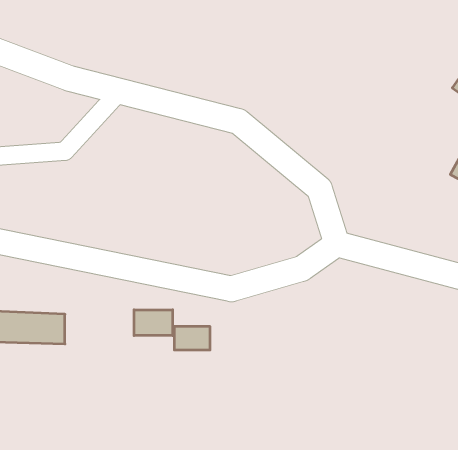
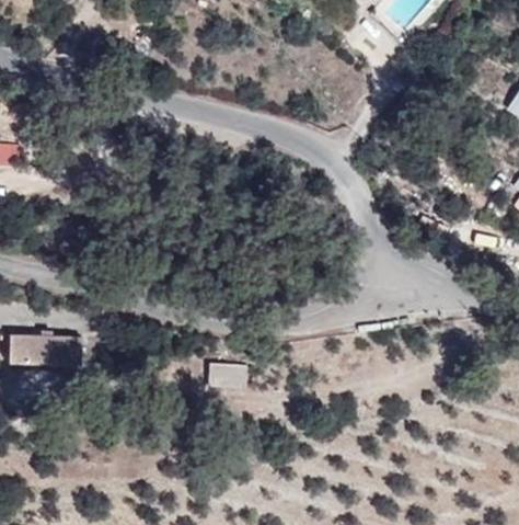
building: [134,310,173,336] -> none

